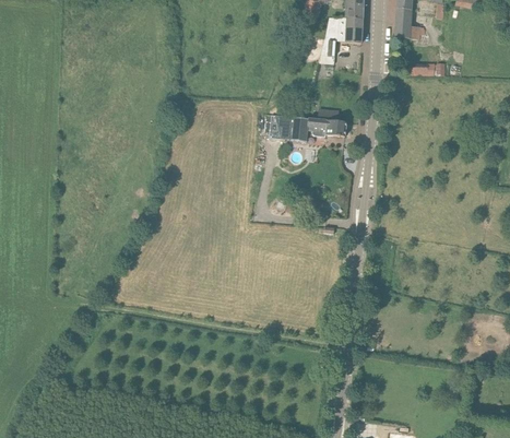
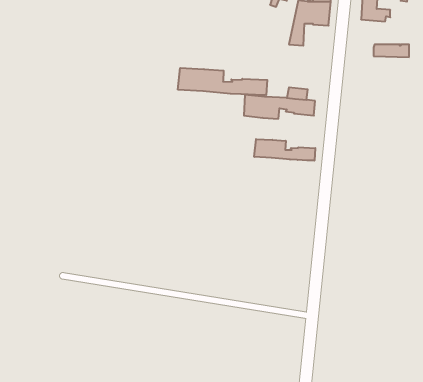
building: none -> [178,68,267,95]
building: none -> [254,139,315,161]

